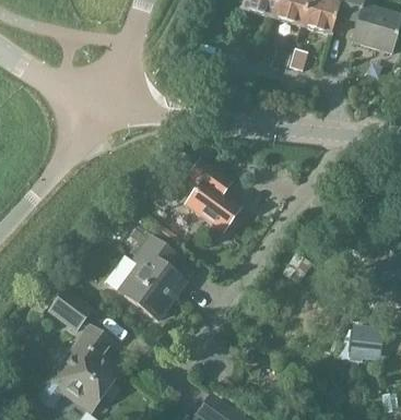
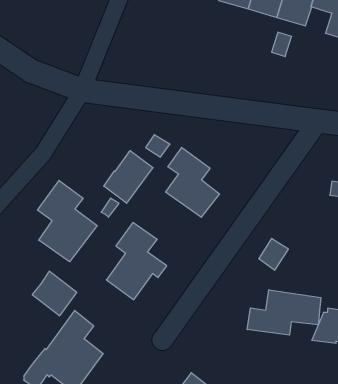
building: none -> [104,151,153,203]
building: none -> [37,180,97,262]
building: none -> [247,290,321,335]

